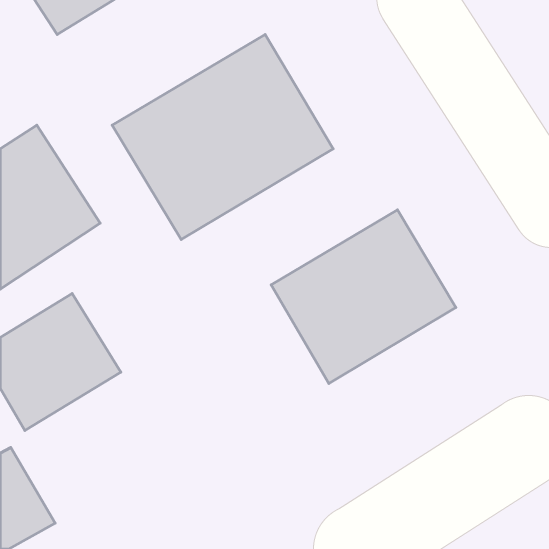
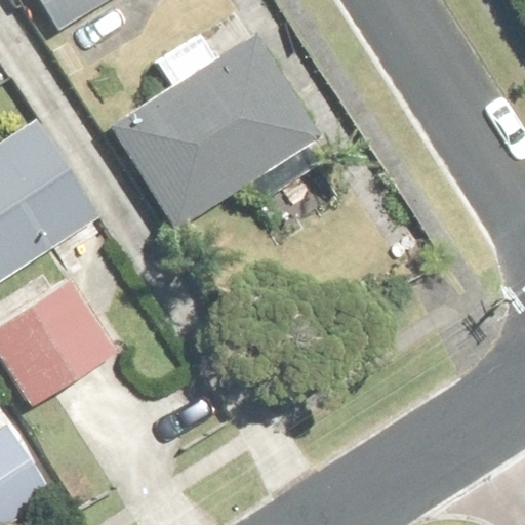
building: [271,210,456,383] -> none

